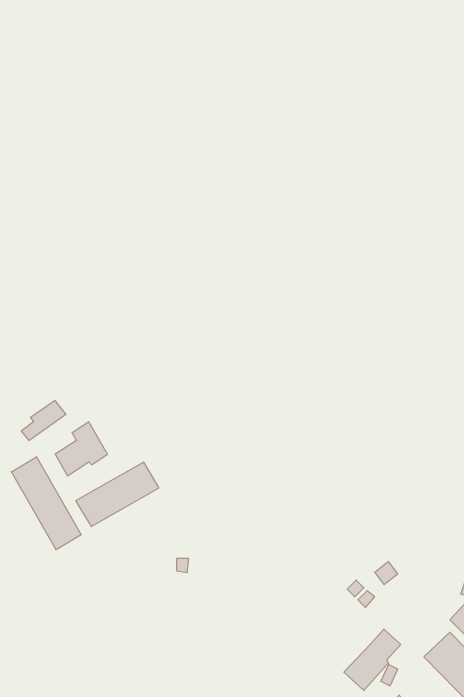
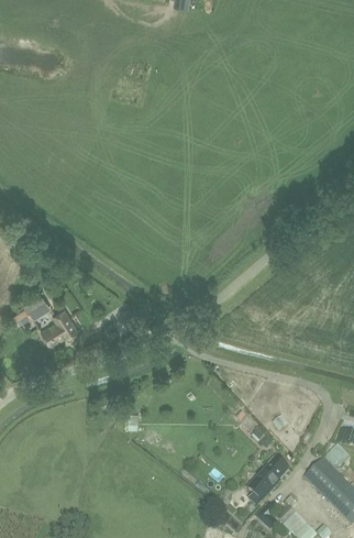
building: [11,457,81,550] -> none
building: [76,462,159,527] -> none

